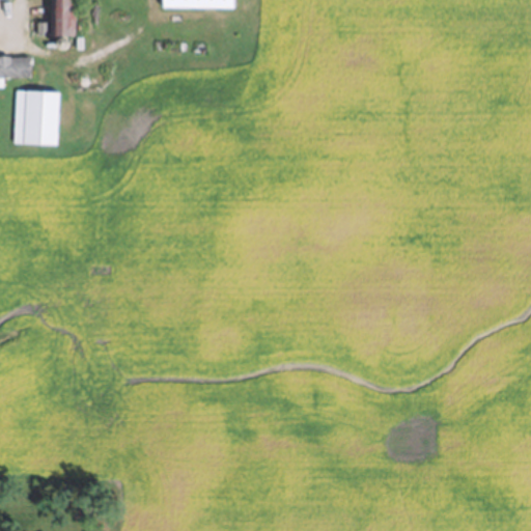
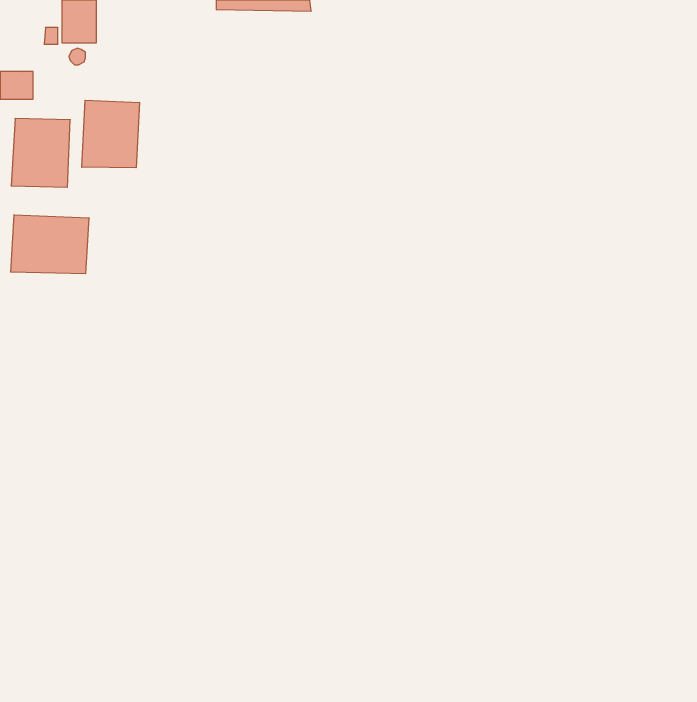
building: none -> [82,100,139,168]
building: none -> [11,215,89,274]

